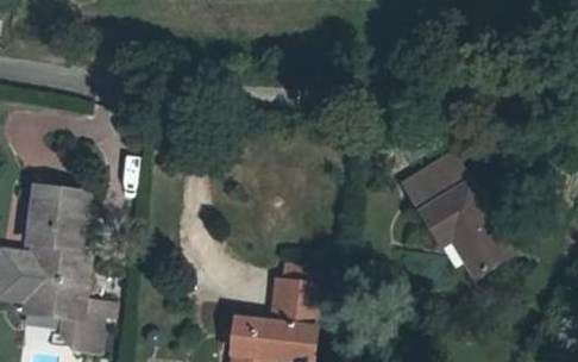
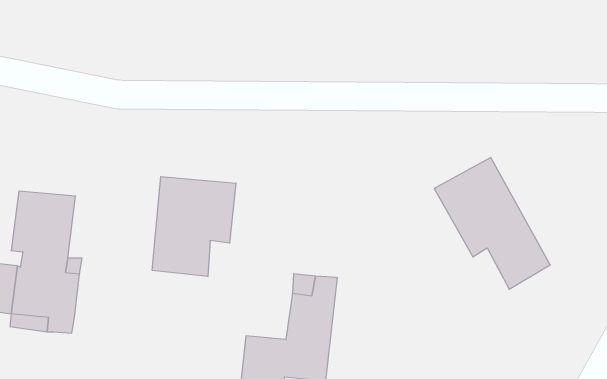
building: none -> [152,177,236,277]
building: [56,304,98,351] -> none

